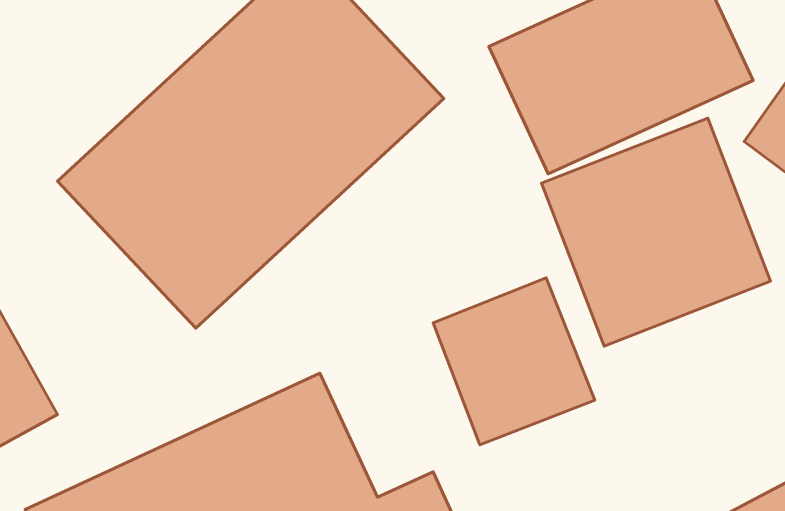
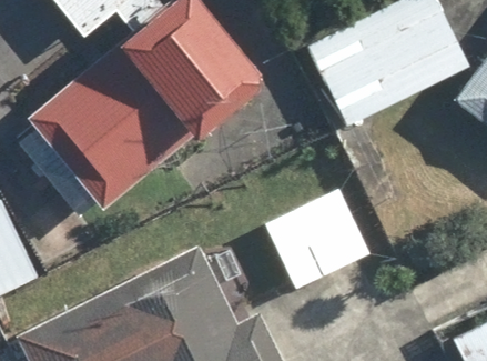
building: [541,118,771,346] -> none

